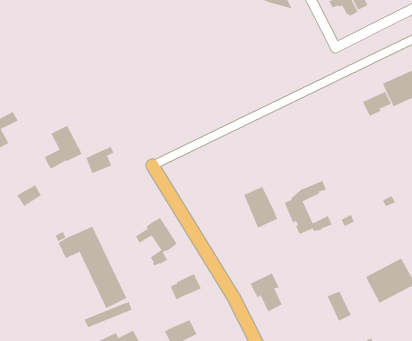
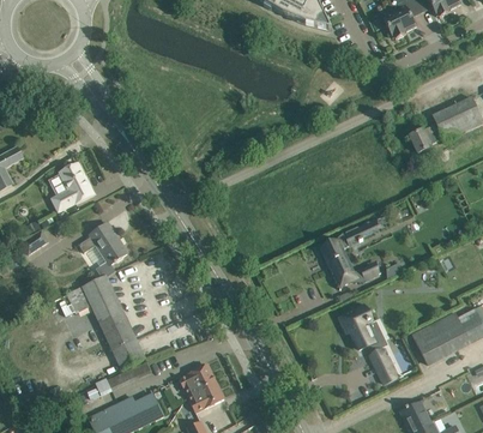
building: [243,186,278,228] -> none
building: [135,217,178,266] -> [78,222,126,277]
building: [250,273,283,312] -> [337,303,374,348]
building: [170,274,202,300] -> [179,363,215,393]

